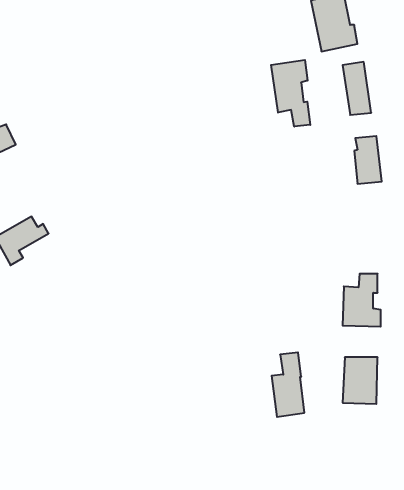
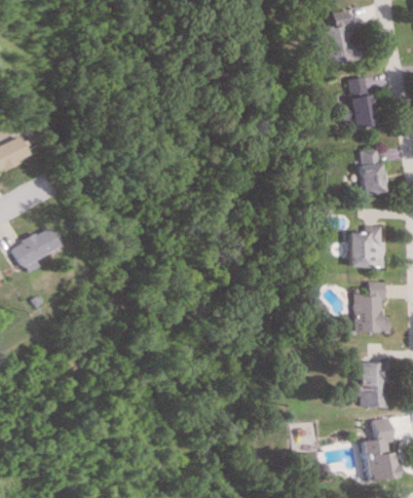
building: [271,60,310,127] -> none
building: none -> [347,225,384,267]
building: [272,352,304,417] -> [358,418,389,481]

